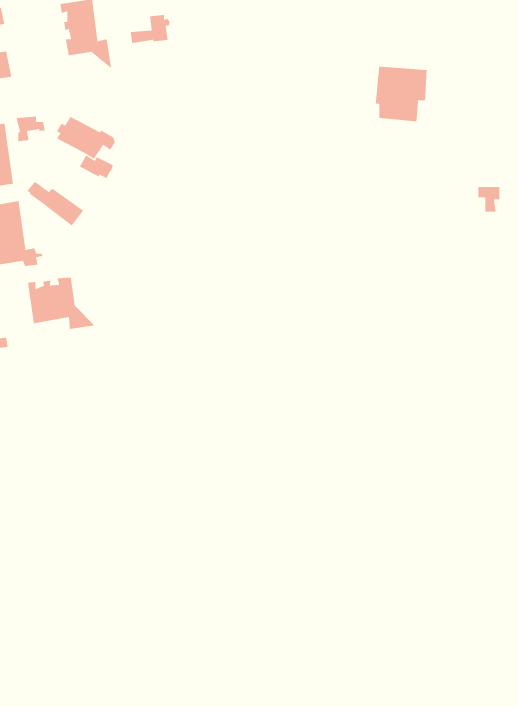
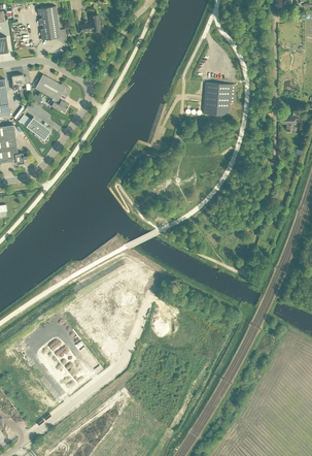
building: [375,66,428,122] -> [203,83,234,116]
building: [27,277,96,330] -> none

